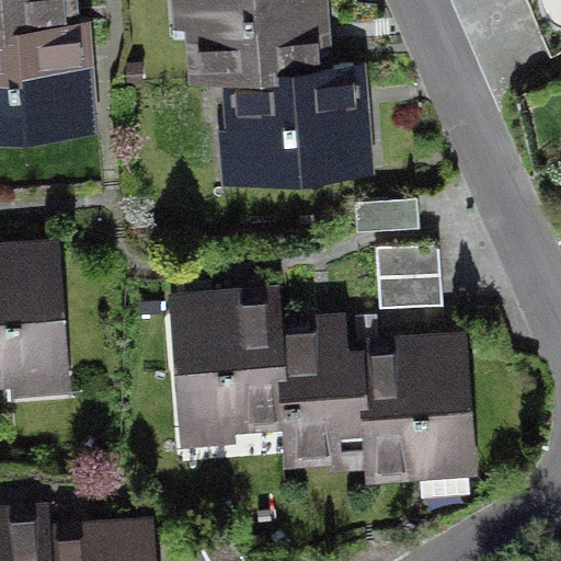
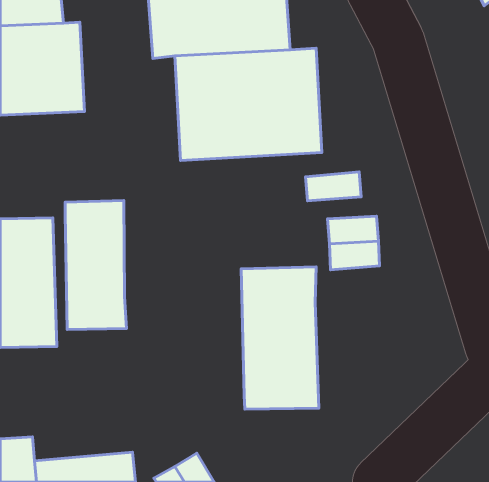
building: none -> [65,201,126,329]
building: [168,286,280,454] -> none
building: [362,342,468,488] -> none

